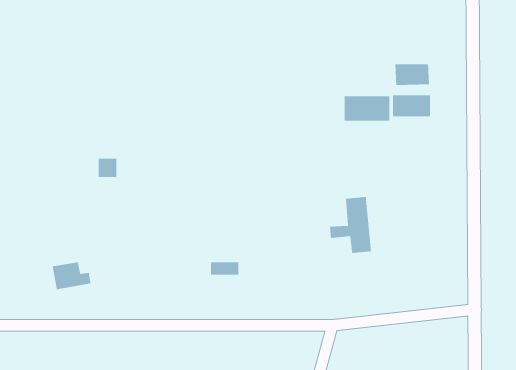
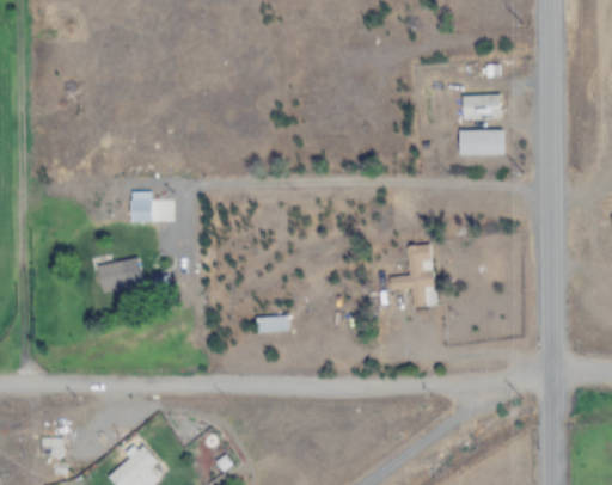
building: [344,96,390,121] -> none
building: [52,261,91,290] -> [97,259,141,291]

